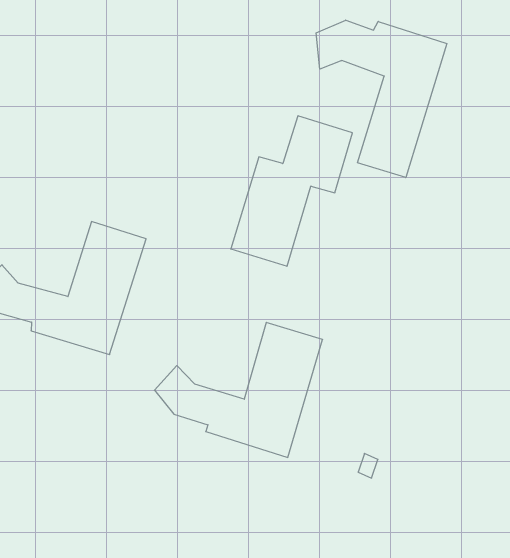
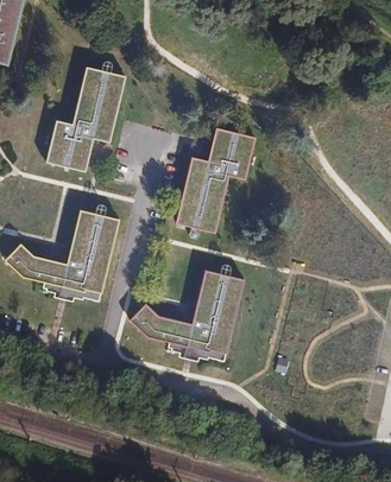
building: none -> [45,66,127,171]
building: [316,20,447,178] -> none

